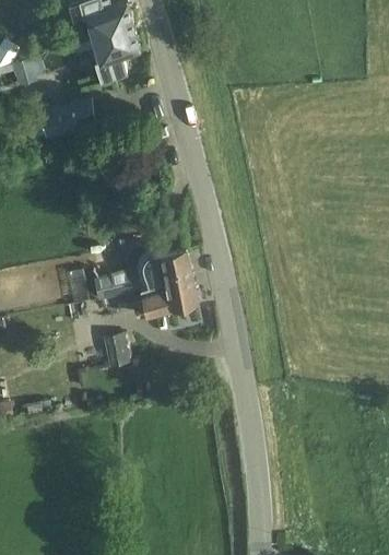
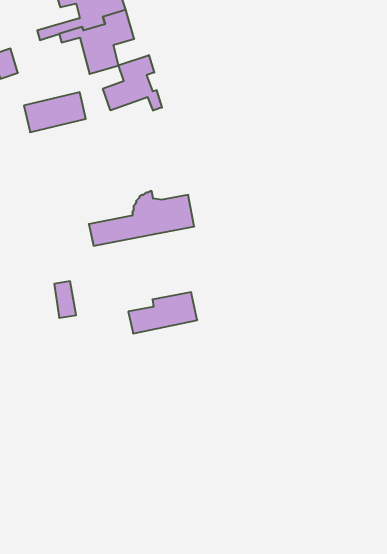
building: none -> [103,55,162,111]
building: [98,249,193,298] -> [89,191,194,246]
building: [105,335,132,368] -> none

